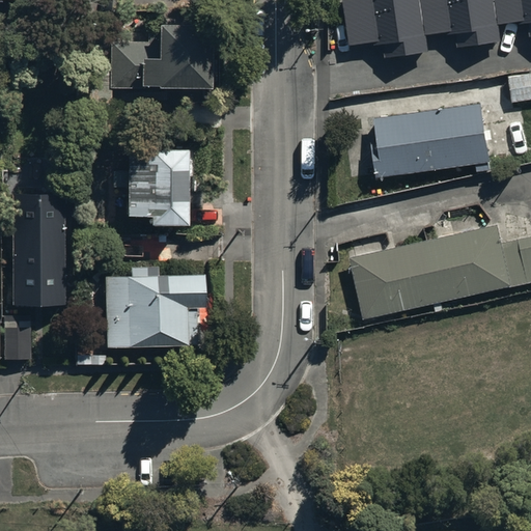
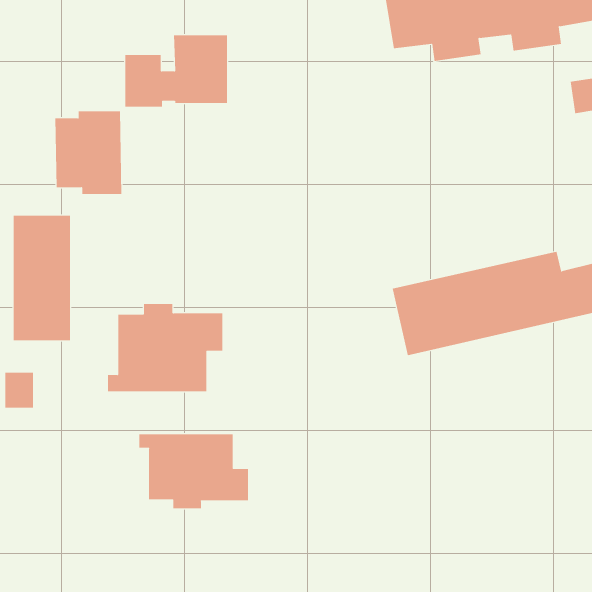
building: [372,104,490,175] -> none
building: [124,152,185,227] -> [55,111,122,195]
building: none -> [139,434,249,509]

